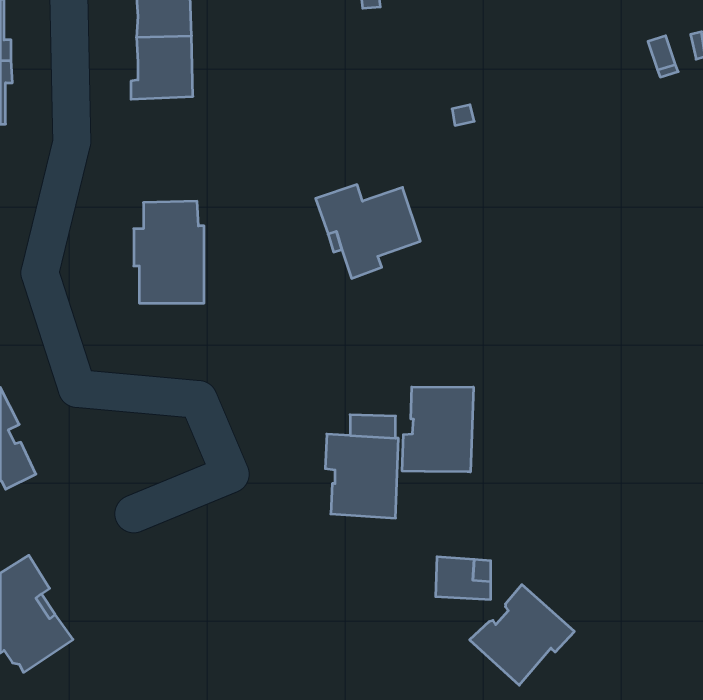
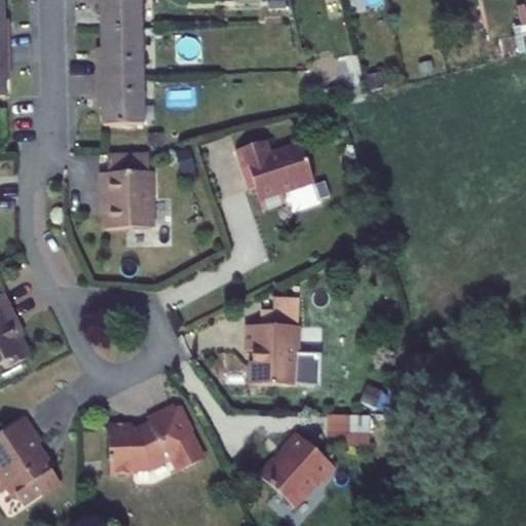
building: none -> [99,72,146,123]
building: [402,387,473,472] -> none
building: none -> [106,402,197,472]
building: [470,585,574,685] -> [255,433,333,508]

